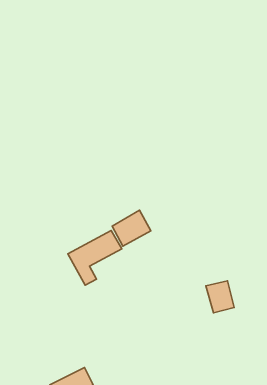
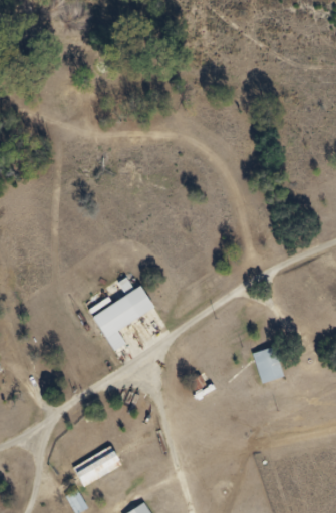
building: [112,210,151,246] -> none

